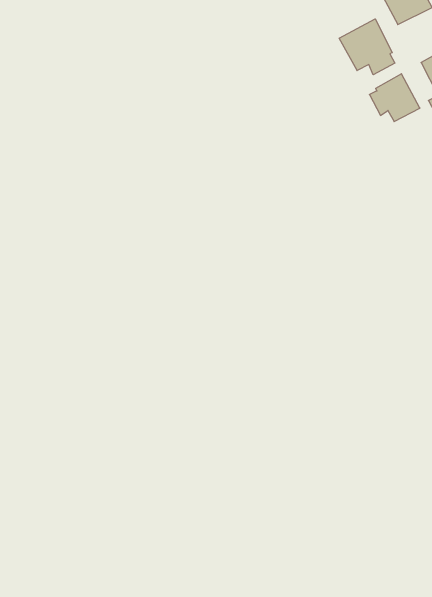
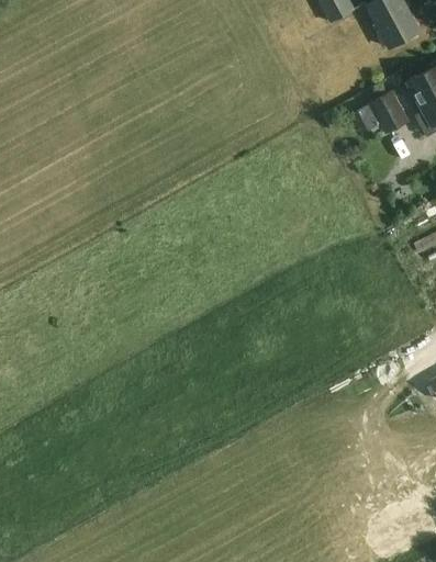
building: [339,19,395,75] -> none

